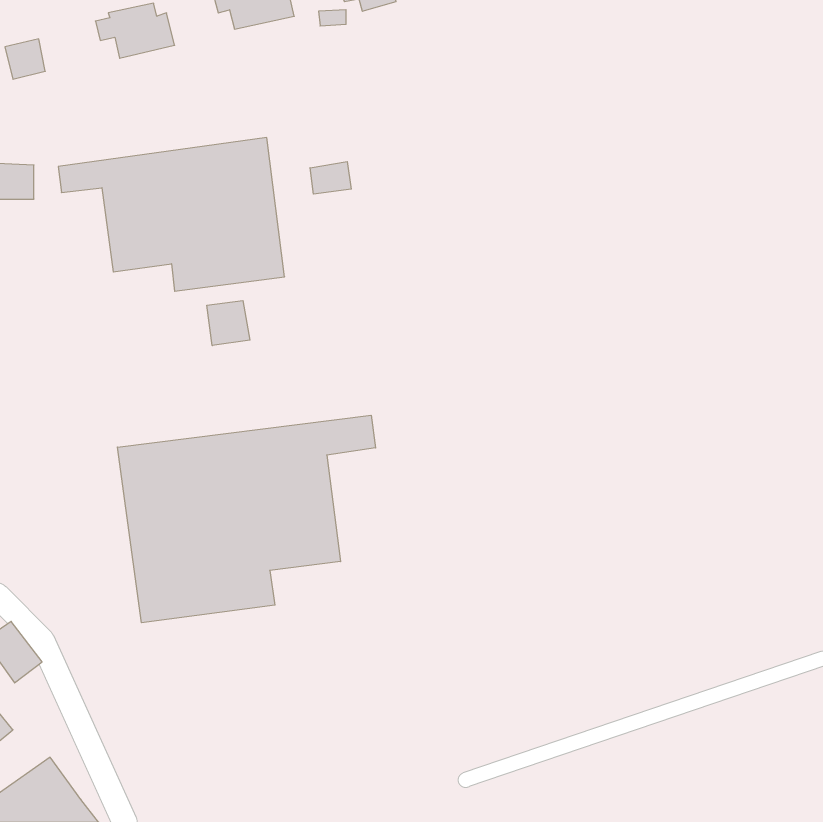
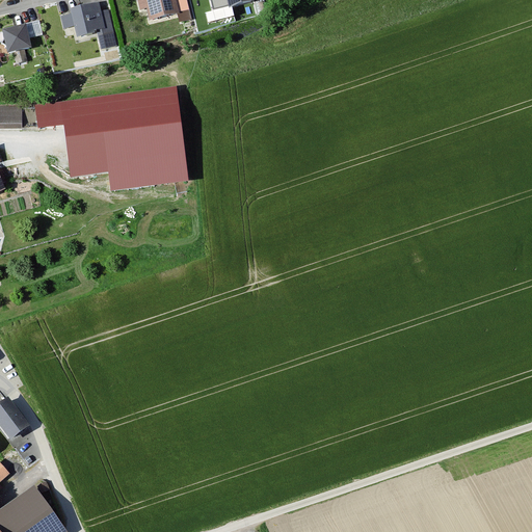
building: [310,162,351,194] -> none
building: [207,301,250,346] -> none
building: [117,415,376,623] -> none

